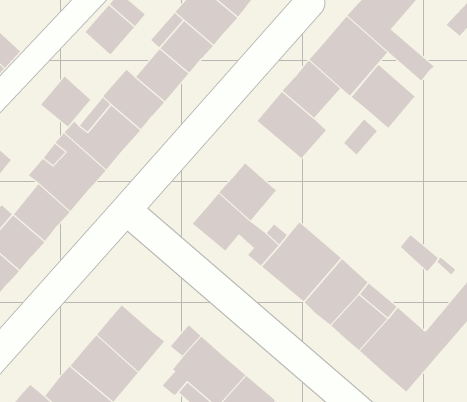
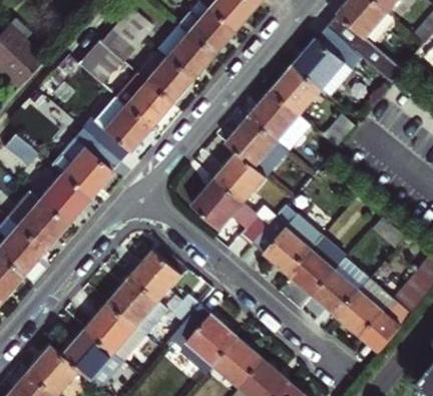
building: [351,64,416,129] -> none
building: [40,76,91,128] -> [76,38,120,83]
building: none -> [227,117,288,176]
building: none -> [131,251,183,302]

